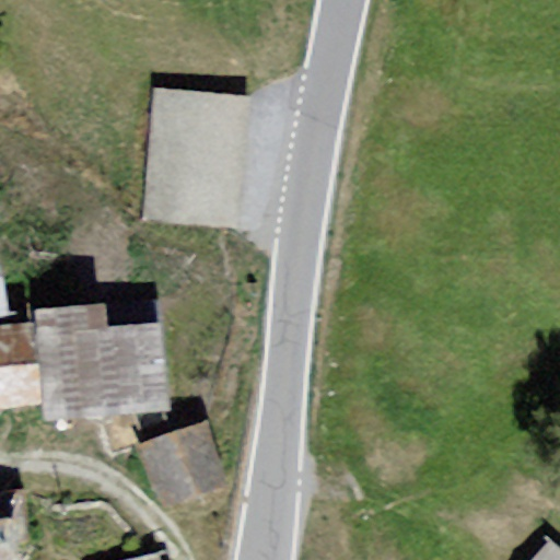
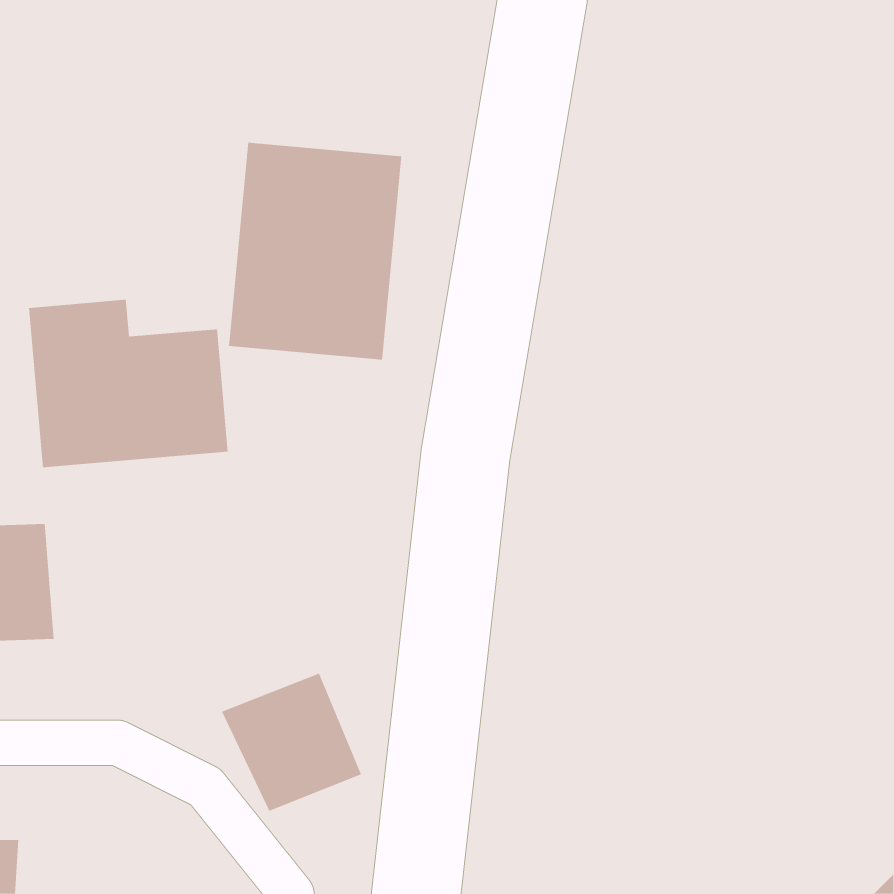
building: [37,306,162,411] -> [28,299,228,468]

